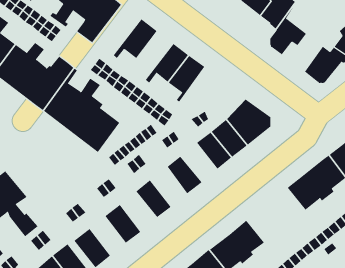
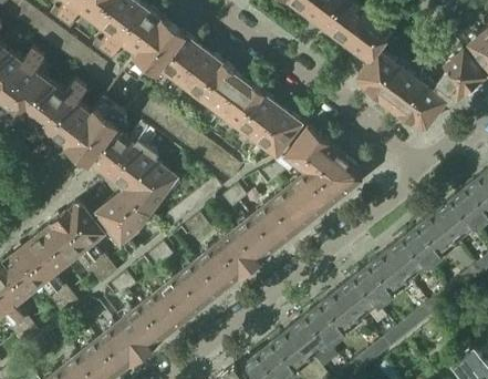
building: none -> [145,34,204,95]
building: none -> [198,66,242,125]
building: none -> [374,70,423,115]
building: none -> [250,110,302,158]
building: none -> [287,130,330,173]
building: none -> [96,192,152,256]
building: none -> [251,202,295,249]
building: none -> [40,205,117,285]
building: none -> [215,231,259,279]
building: none -> [331,256,402,322]
building: none -> [178,260,222,309]
building: none -> [142,290,185,338]

